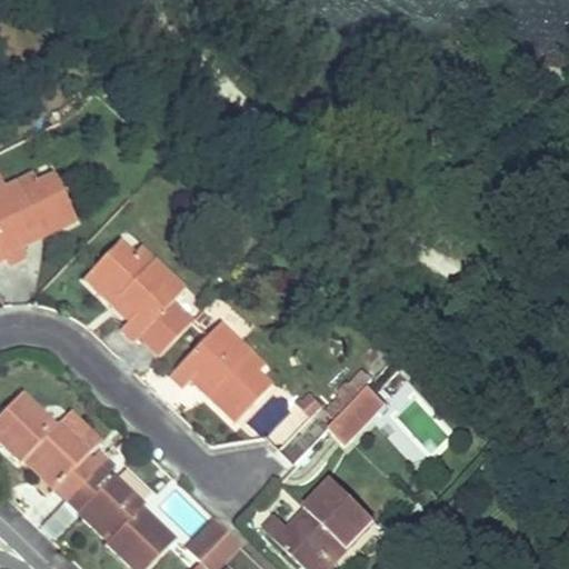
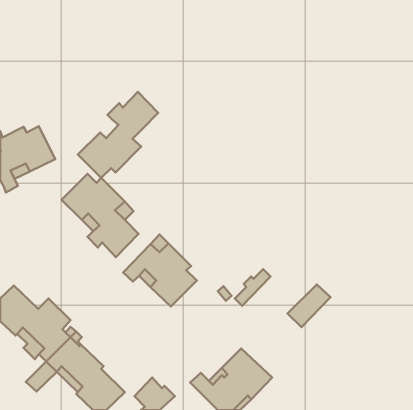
building: none -> [78,92,158,178]
building: [329,388,388,447] -> [288,284,331,327]

